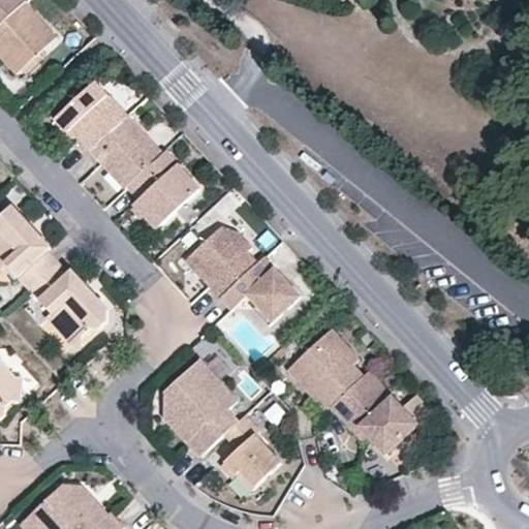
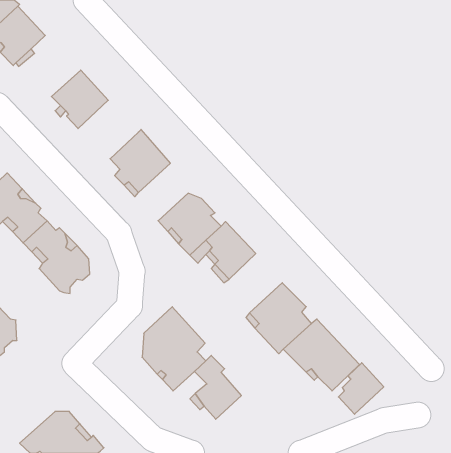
building: [91,117,161,188] -> none
building: none -> [338,363,384,414]

